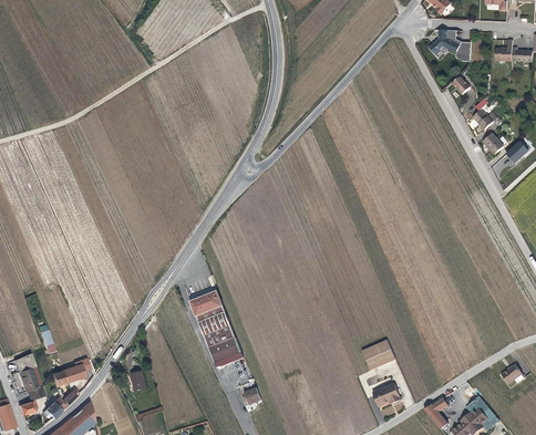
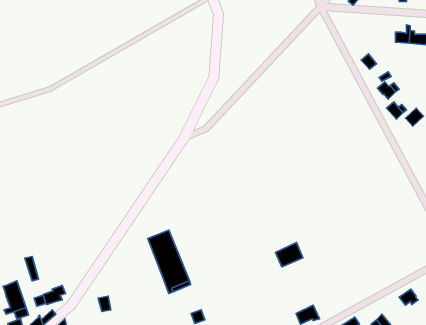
building: [430,32,471,62] -> none
building: [361,341,394,371] -> [276,242,303,267]

